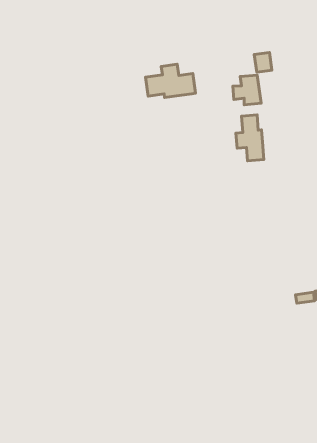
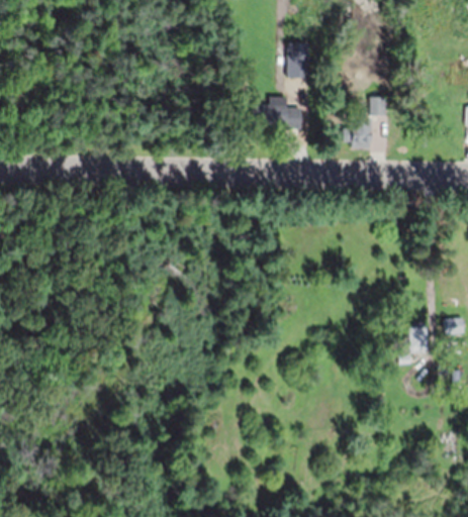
building: none -> [286,55,307,78]
building: [236,115,264,161] -> none

